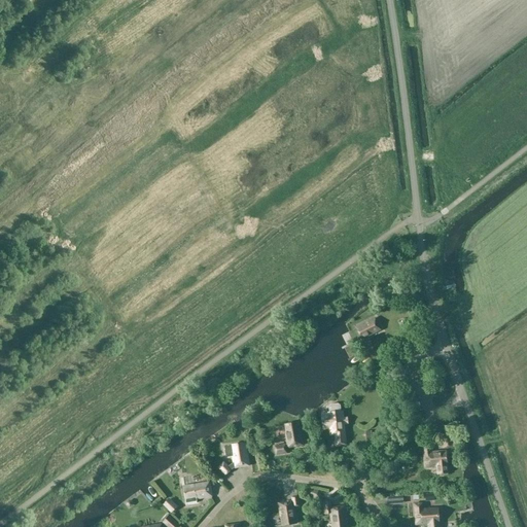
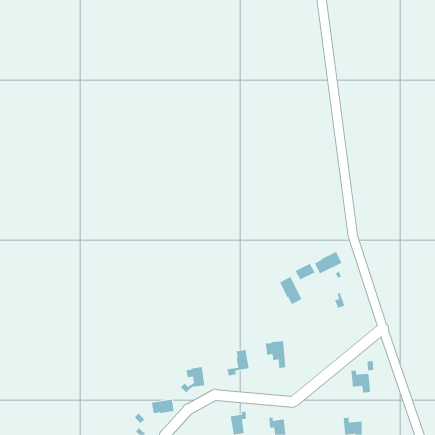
building: none -> [314,251,342,274]
building: none -> [279,276,302,305]

